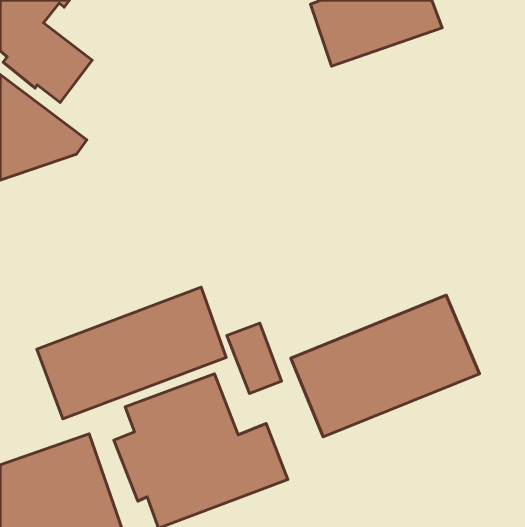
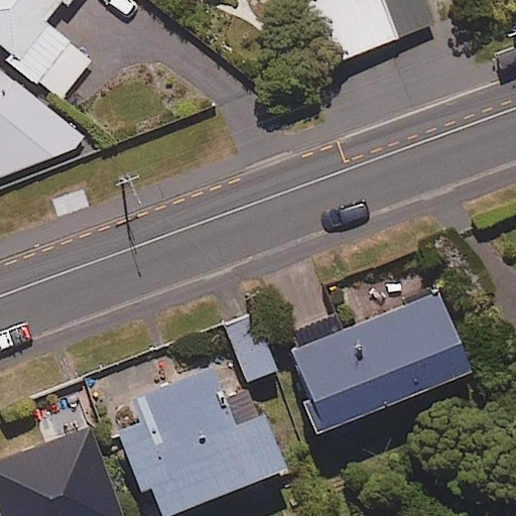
building: [37,287,226,419] -> none

